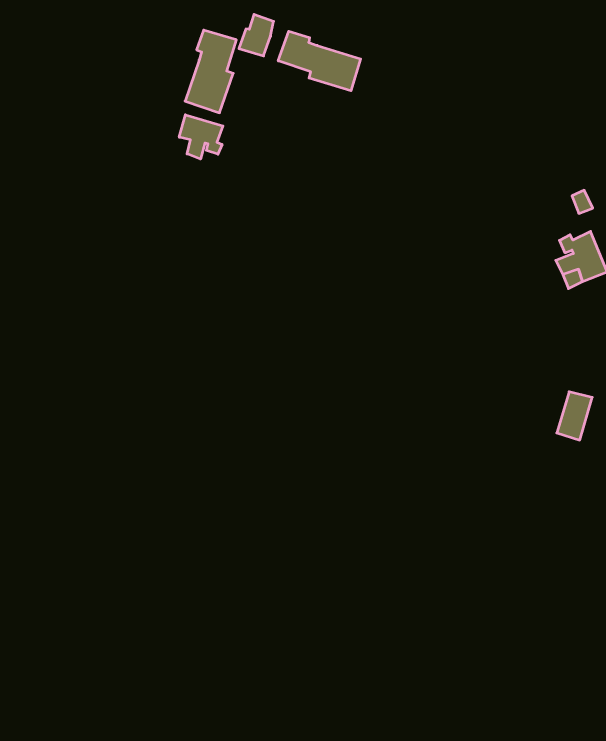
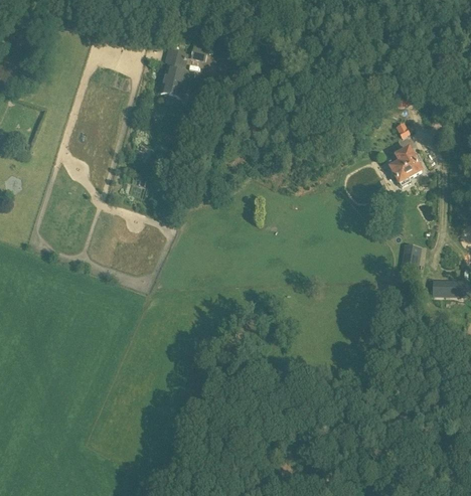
building: [278,31,361,91] -> none
building: [179,115,223,159] -> none

